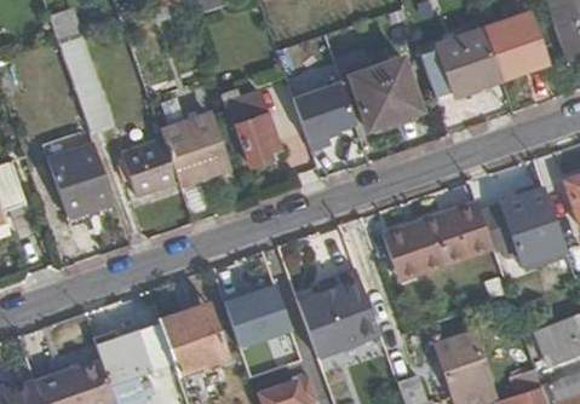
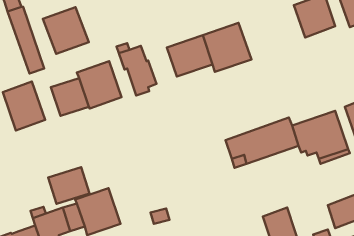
building: [418,31,500,97] -> none
building: none -> [43,7,89,54]
building: none -> [48,167,90,204]
building: [299,275,381,354] -> none
building: [226,282,293,347] -> none

